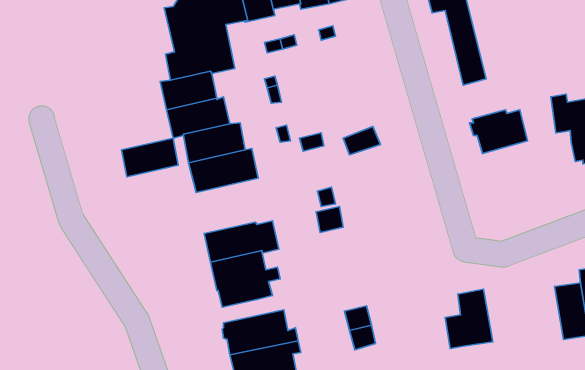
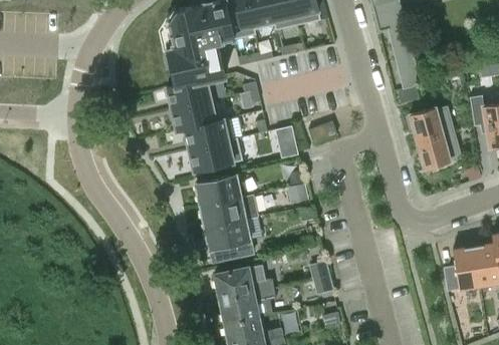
building: [122,138,178,177] -> [196,176,240,206]
building: none -> [417,133,459,170]
building: [445,289,493,348] -> [443,247,480,293]

